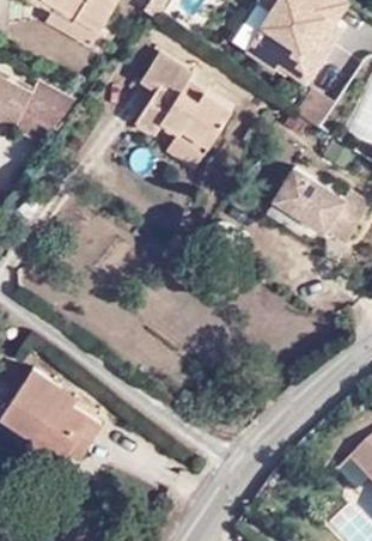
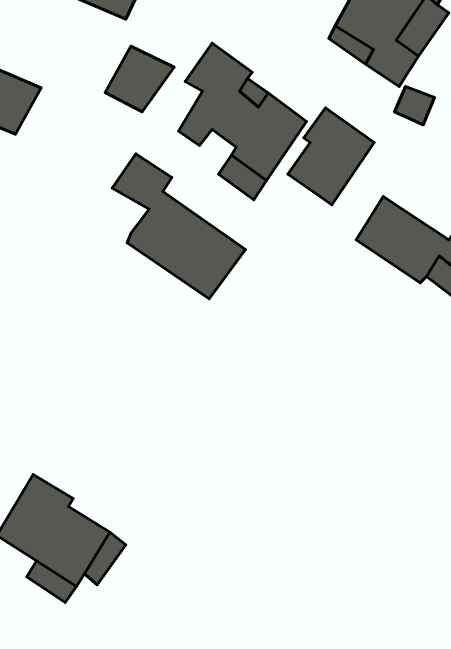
building: [16,85,67,134] -> [105,46,174,112]
building: none -> [288,108,374,205]
building: none -> [112,154,246,299]

